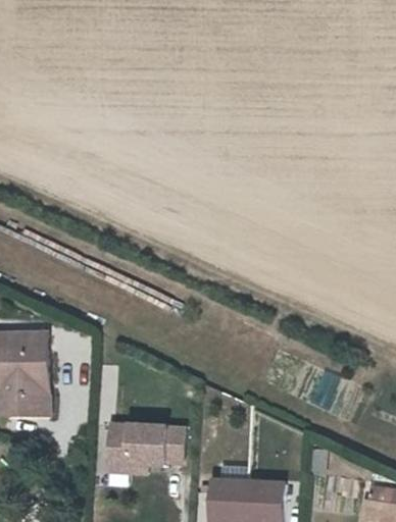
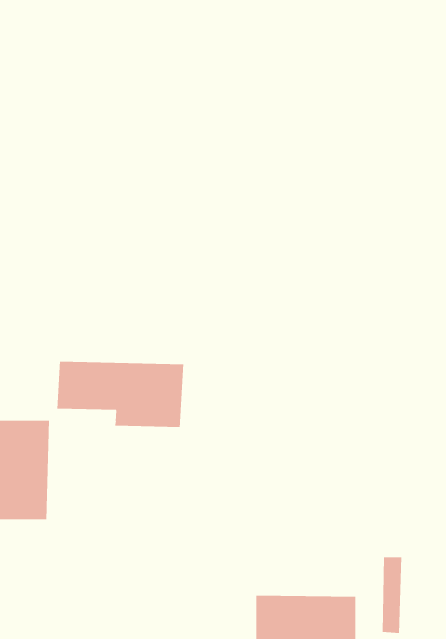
building: none -> [57,361,184,428]
building: [107,422,187,471] -> none

